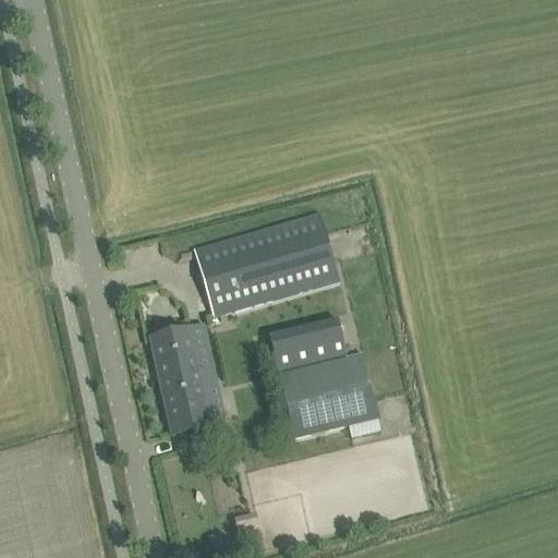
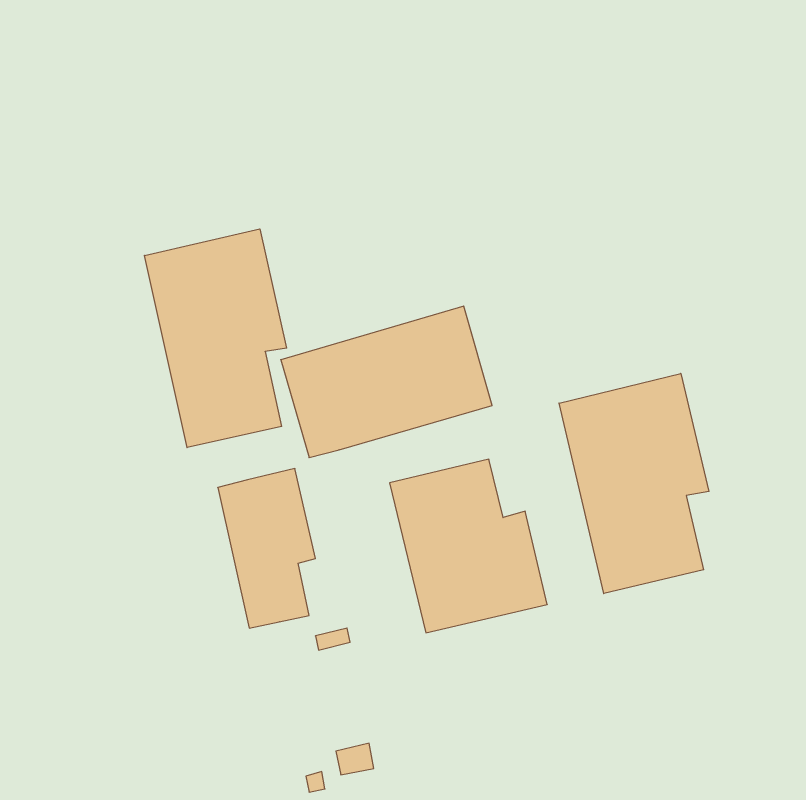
building: none -> [144,229,287,448]
building: none -> [559,373,709,594]

